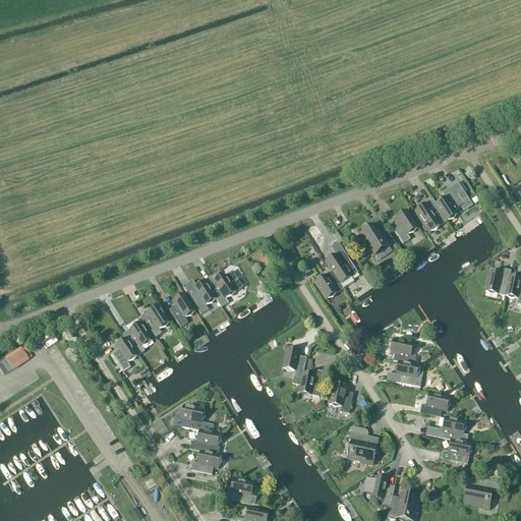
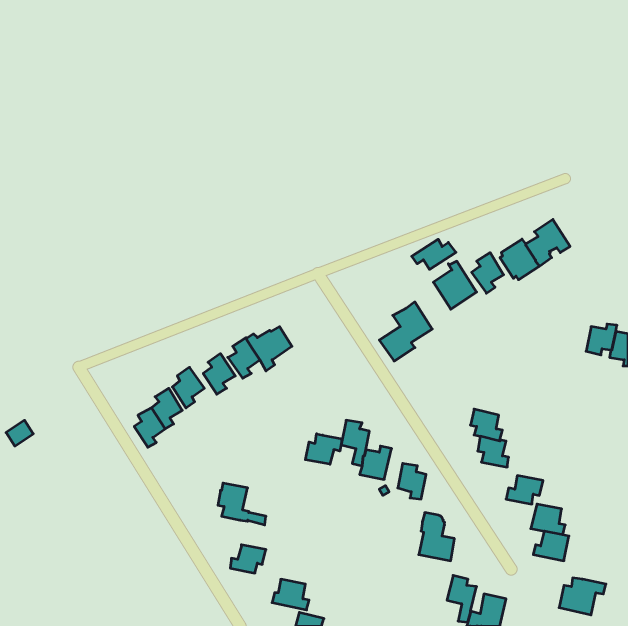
building: none -> [412,239,456,269]
building: none -> [305,434,342,464]
building: [189,429,219,452] -> none

